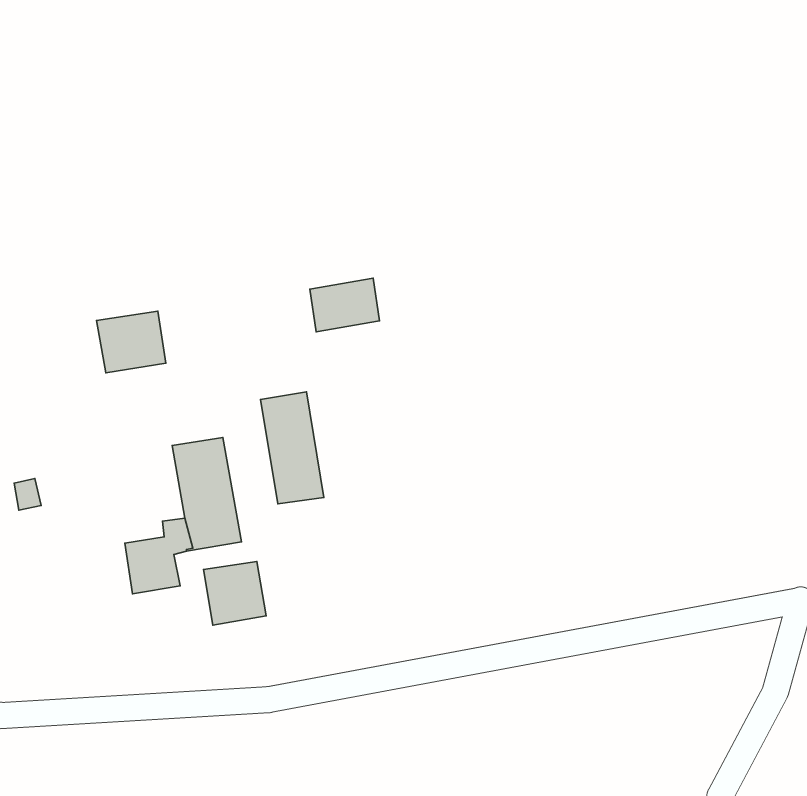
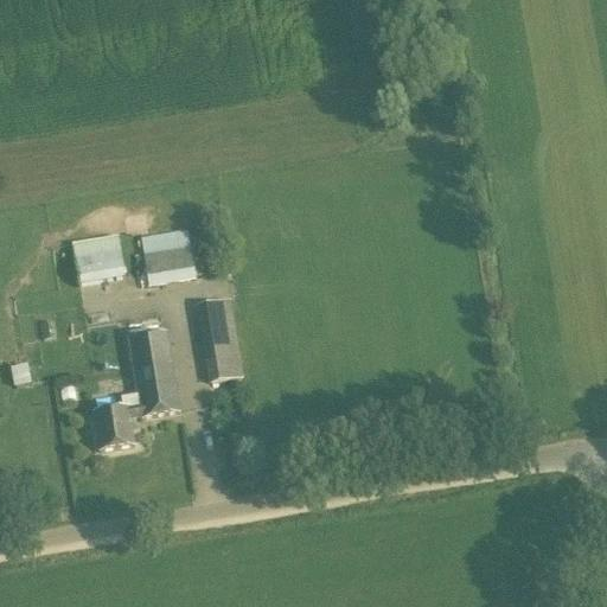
building: [310,278,379,332] -> [143,242,196,282]
building: [203,562,266,625] -> none

